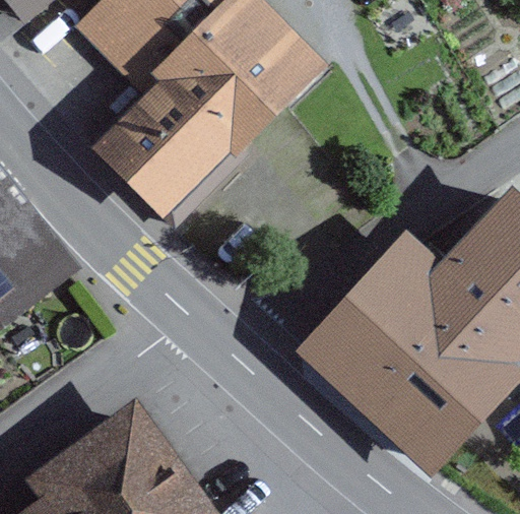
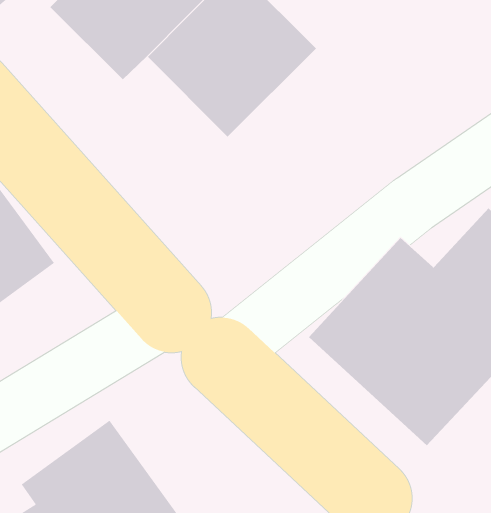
building: [86,71,243,220] -> none

